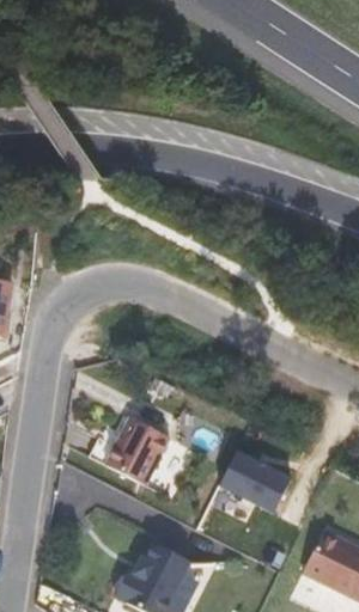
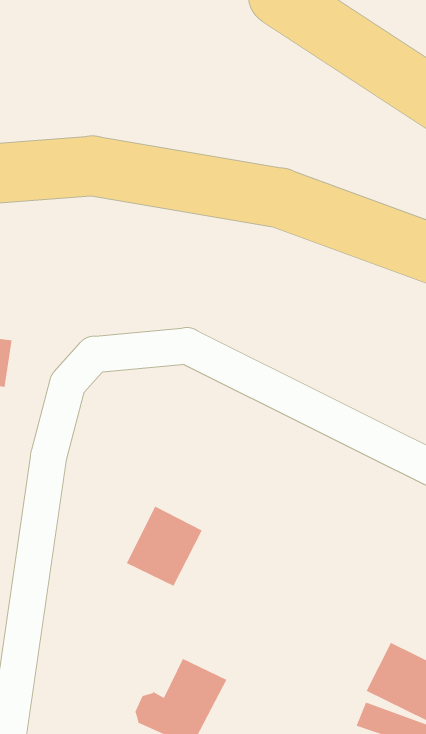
building: [219,453,291,513] -> none

